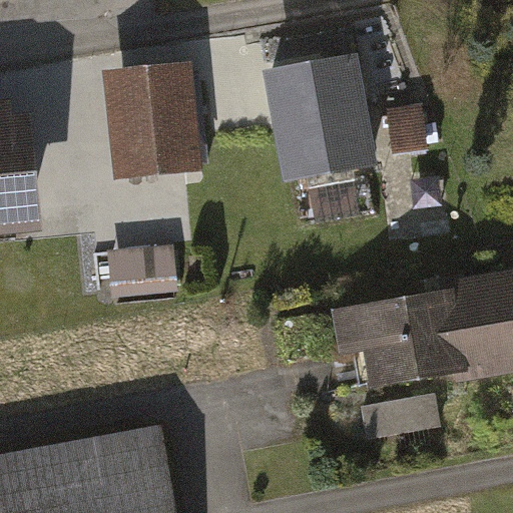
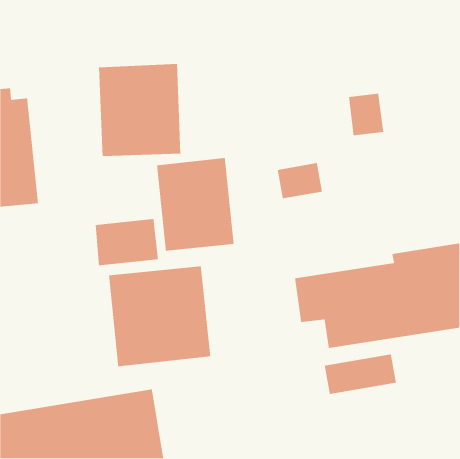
building: [260,54,372,181] -> none
building: none -> [156,157,235,251]
building: none -> [108,266,211,367]

